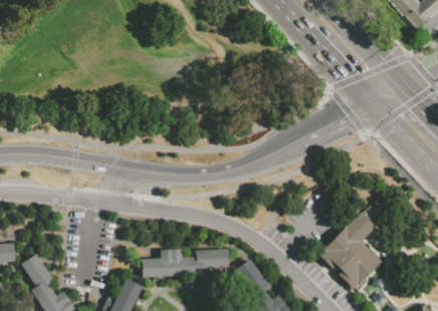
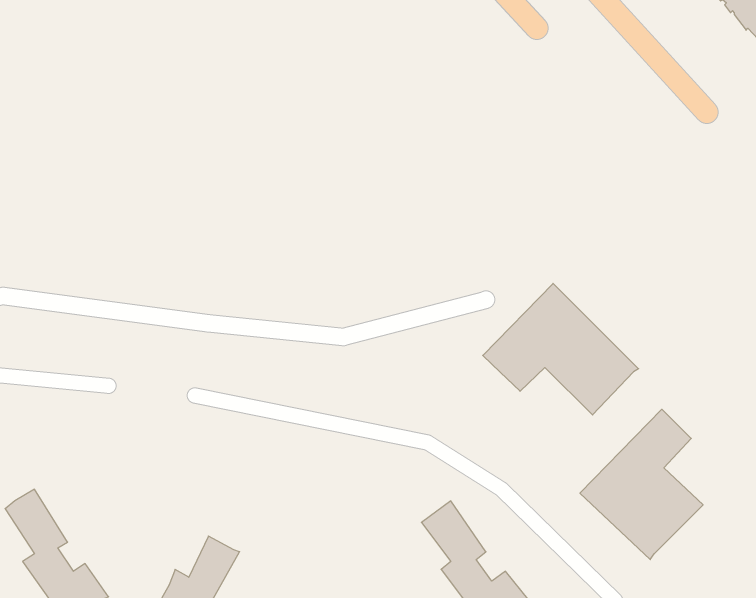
building: none -> [483,283,639,415]
building: [142,249,229,277] -> none

